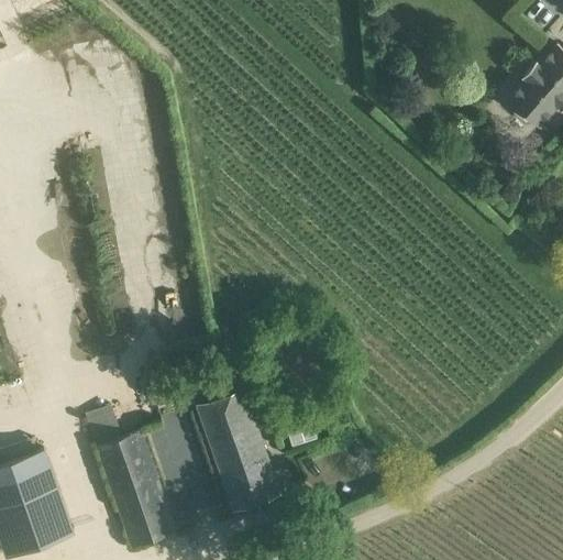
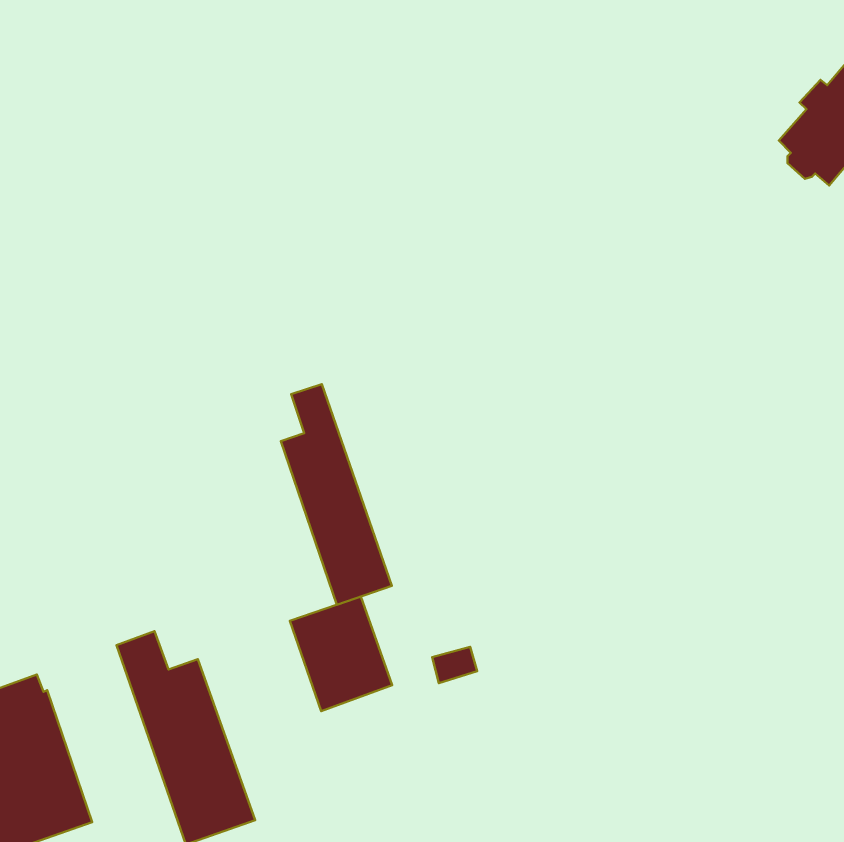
building: none -> [281,384,392,605]
building: [218,448,280,512] -> none

